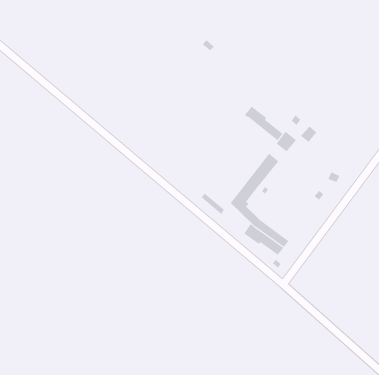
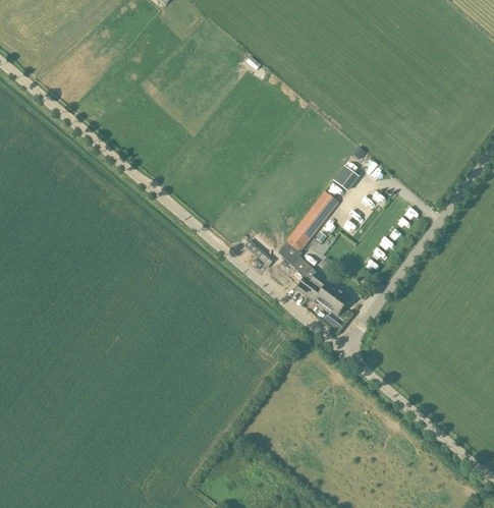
building: [244,106,283,141] -> none

